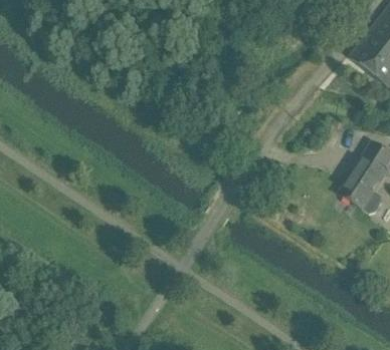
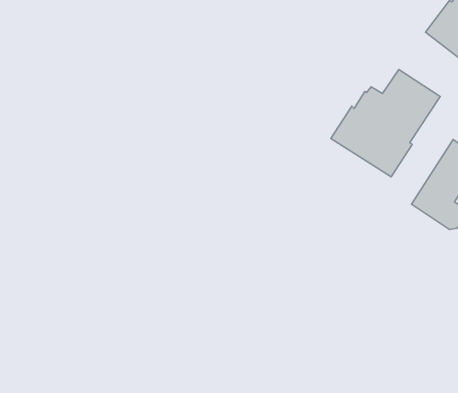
building: none -> [331,69,440,177]

